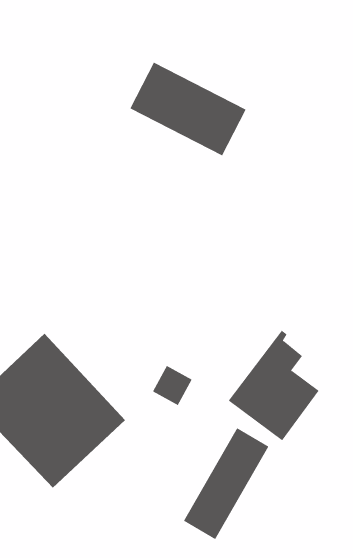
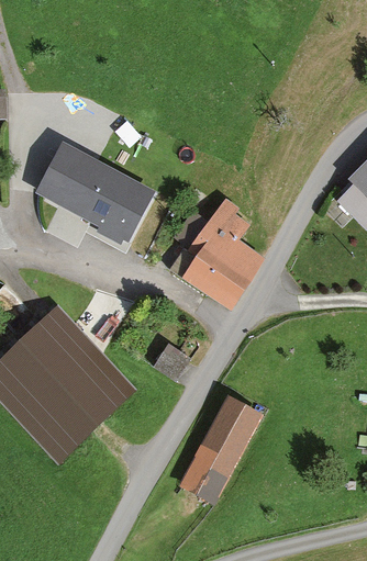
building: [130,62,247,156] -> [38,143,146,229]
building: [228,330,320,441] -> [178,202,263,304]

